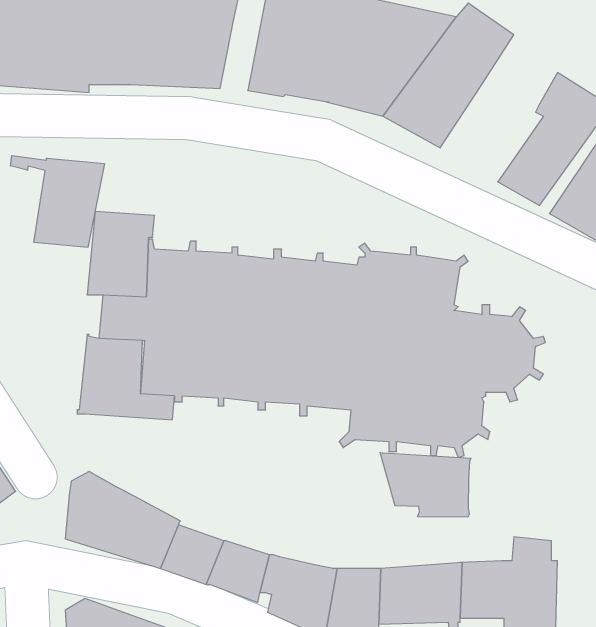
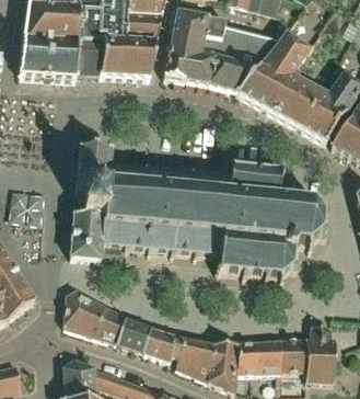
building: none -> [270,77,327,130]
building: [10,156,104,247] -> none
building: [380,452,471,517] -> none

